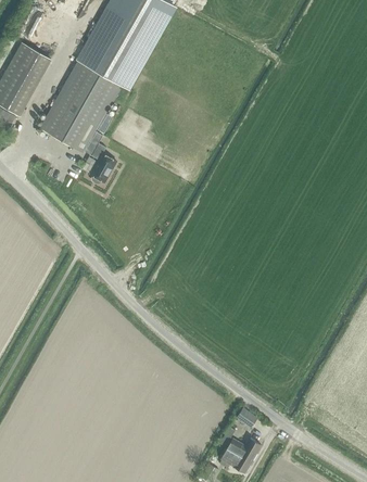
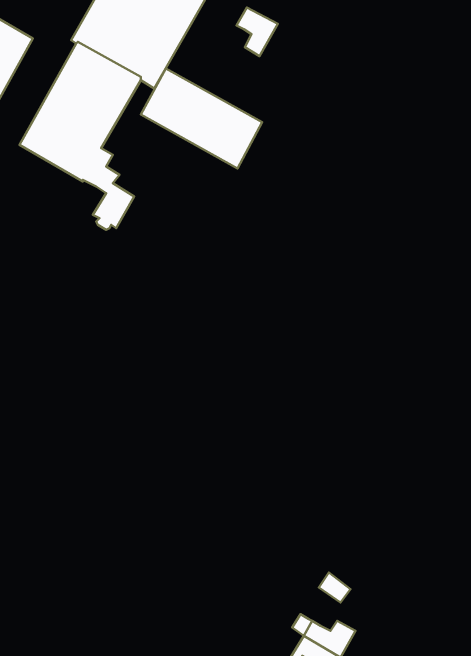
building: none -> [237,8,278,56]
building: none -> [141,68,262,168]

